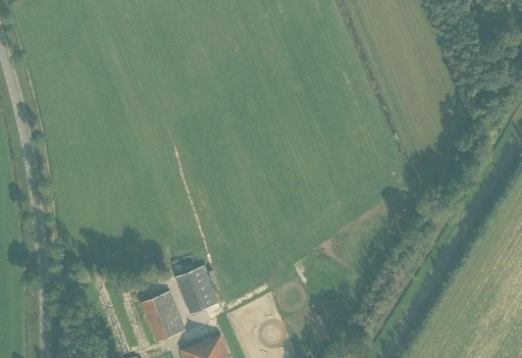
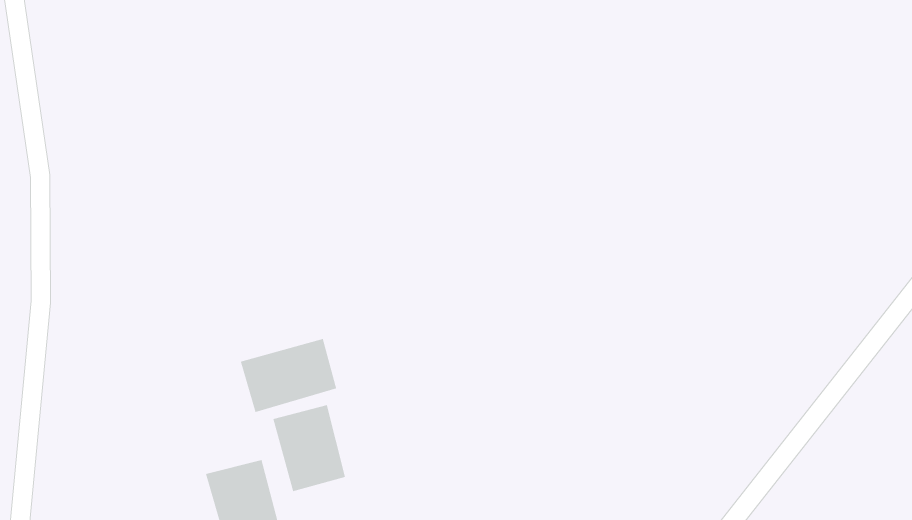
building: none -> [240,338,337,413]

